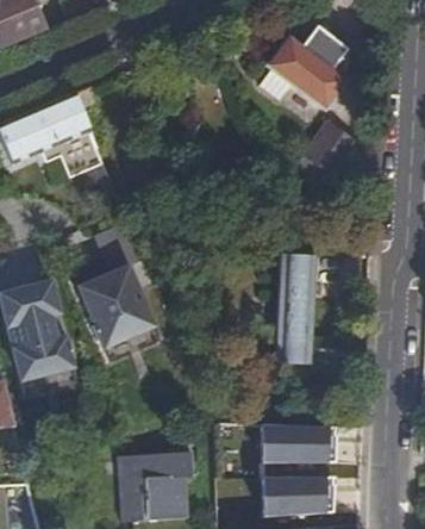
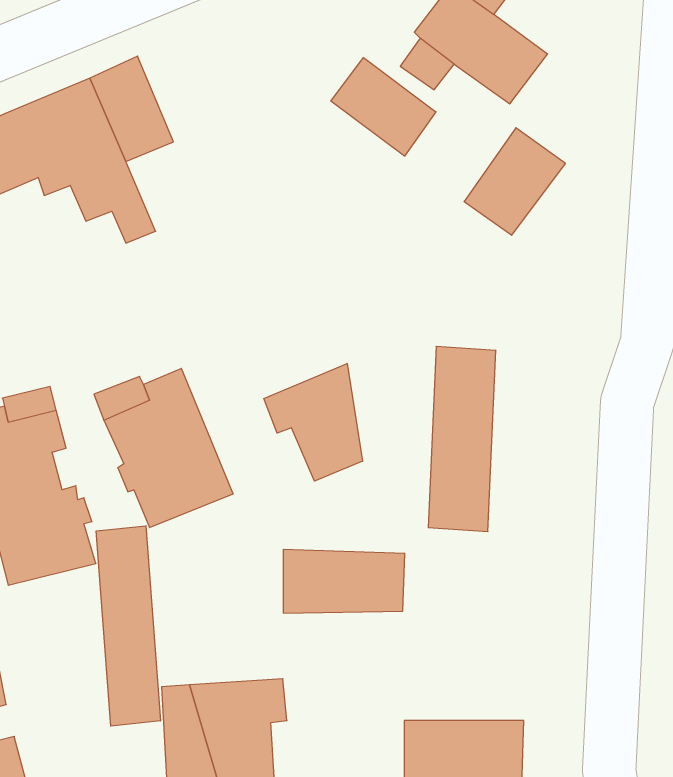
building: none -> [331,58,436,156]
building: none -> [264,363,363,481]
building: none -> [96,526,160,726]
building: [261,423,333,461] -> [283,549,405,613]

